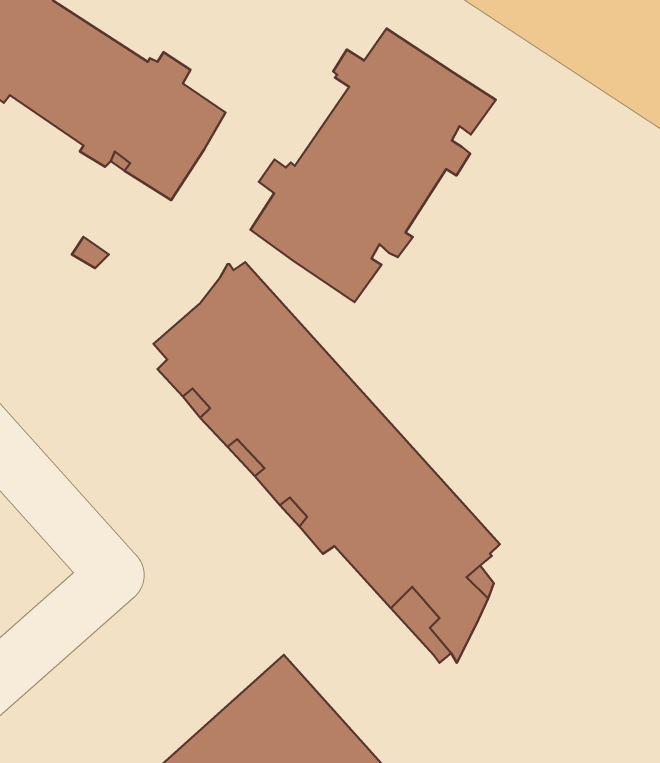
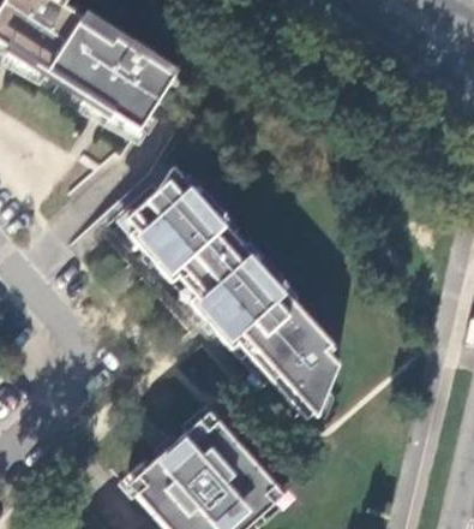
building: [251,29,496,302] -> none

